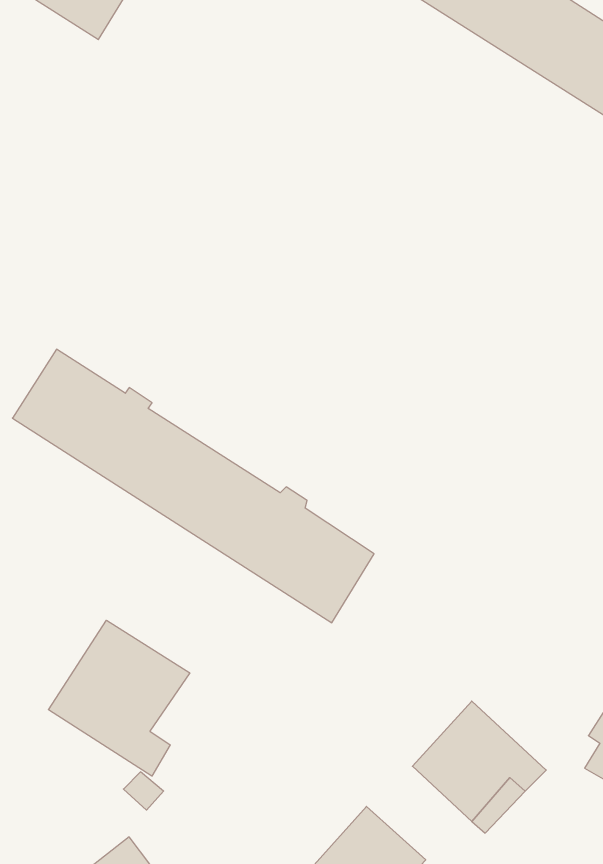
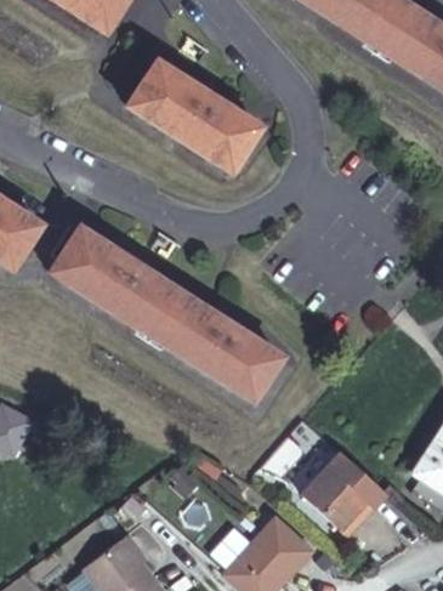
building: none -> [129,62,259,170]
building: [48,620,190,776] -> none

